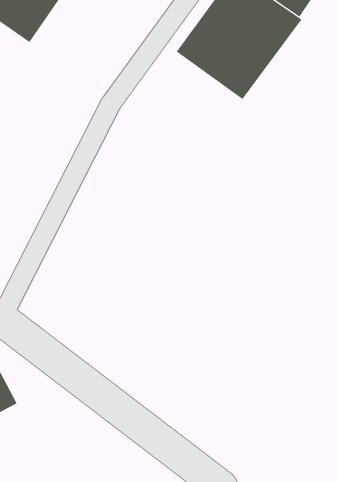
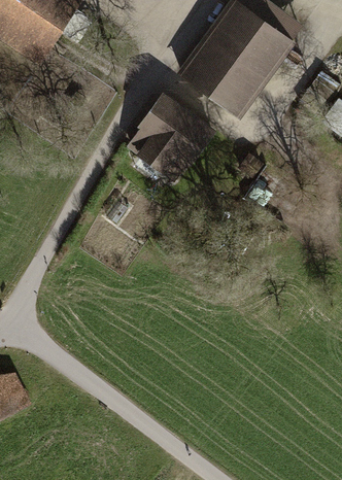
building: none -> [125,91,214,181]

